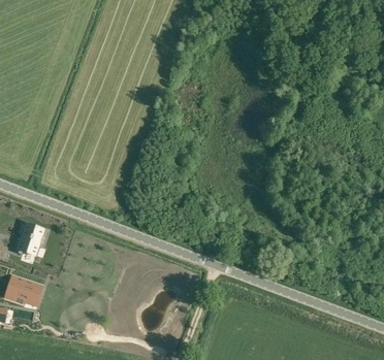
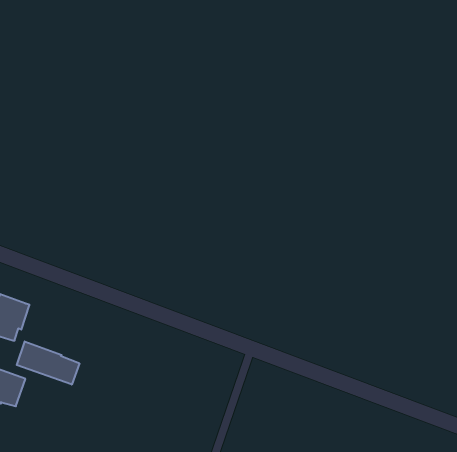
building: none -> [17,341,79,385]

